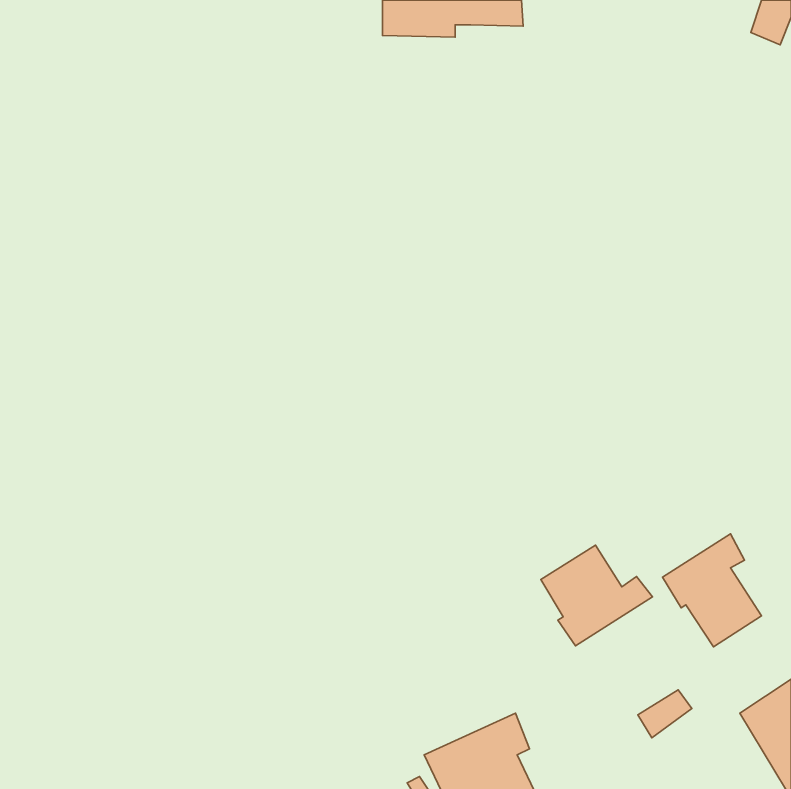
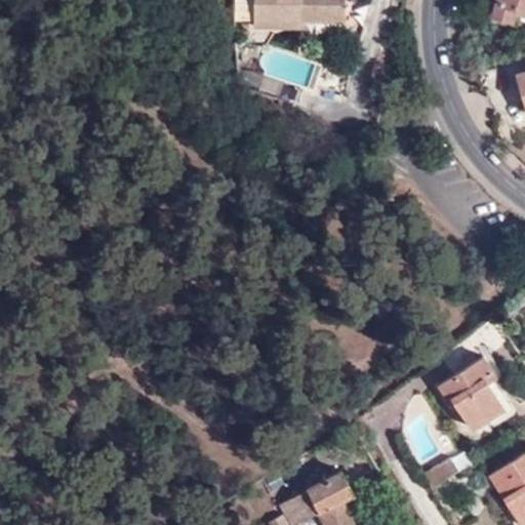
building: [541,545,653,646] -> none

